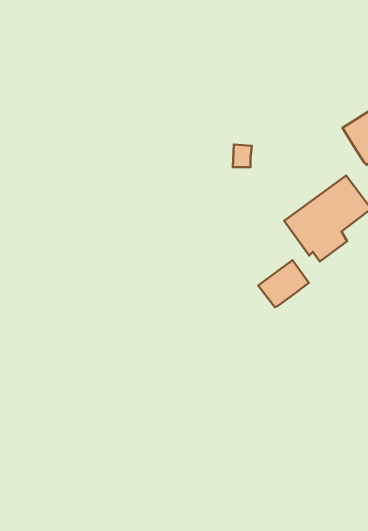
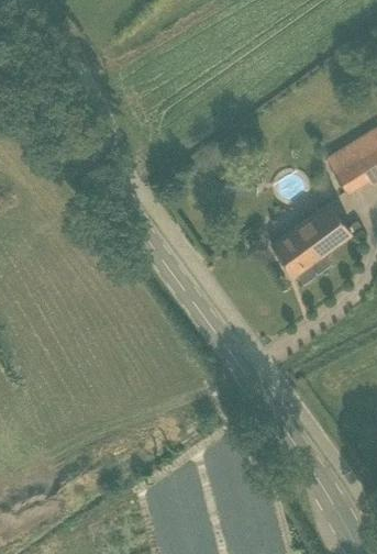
building: [258,260,309,307] -> none

